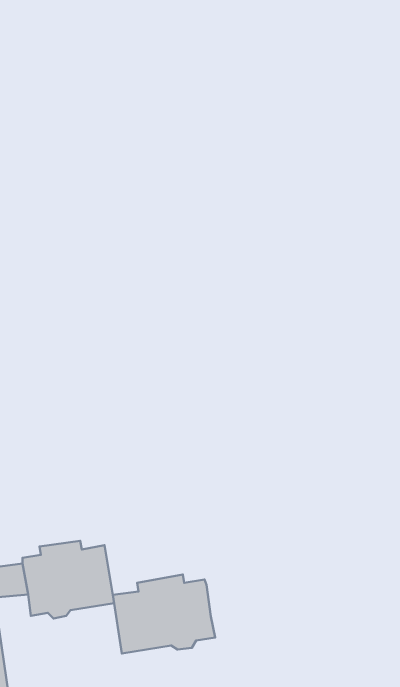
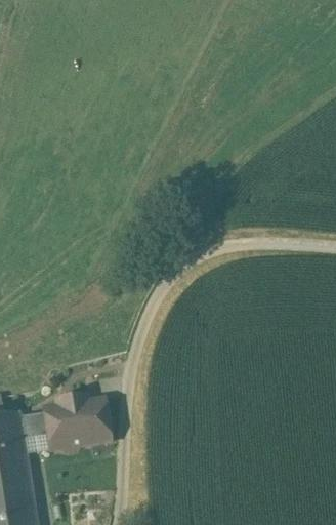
building: [113,574,215,653] -> none

